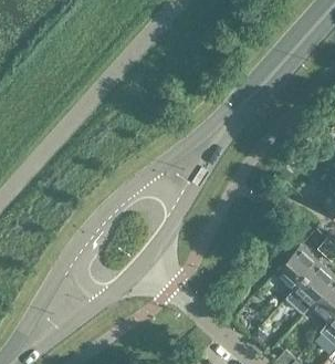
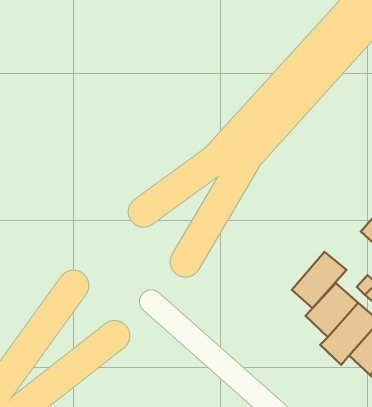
building: none -> [292,252,347,308]

